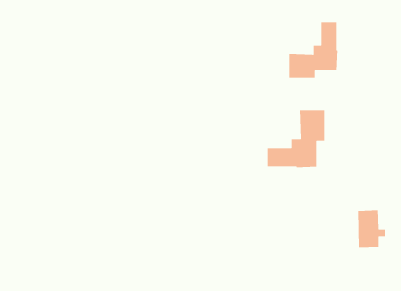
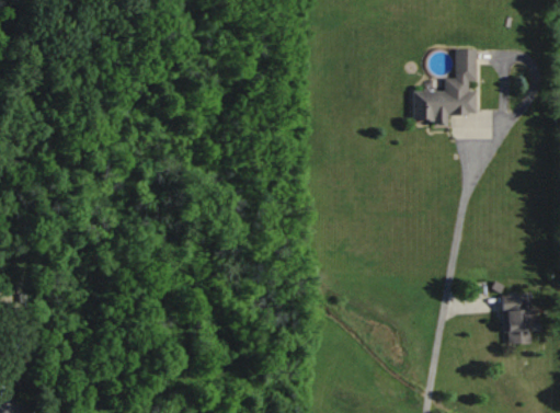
building: [267,110,325,168] -> none

